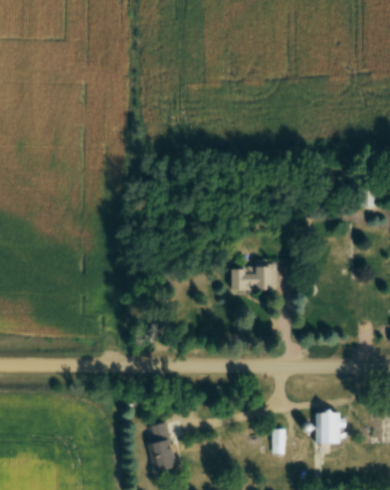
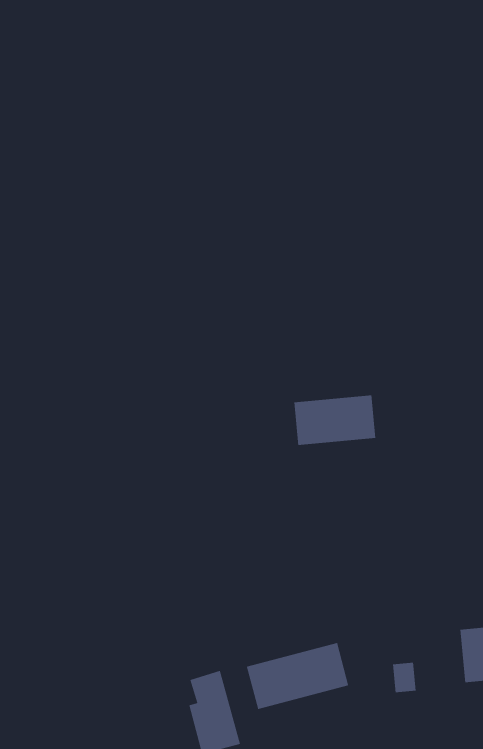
building: none -> [246,642,349,710]

